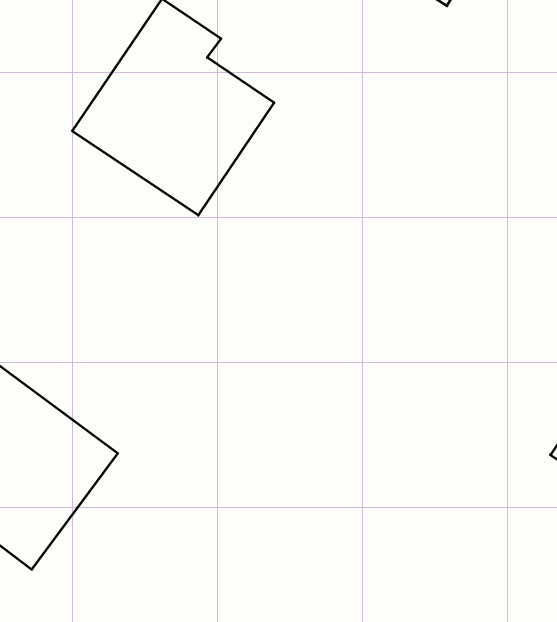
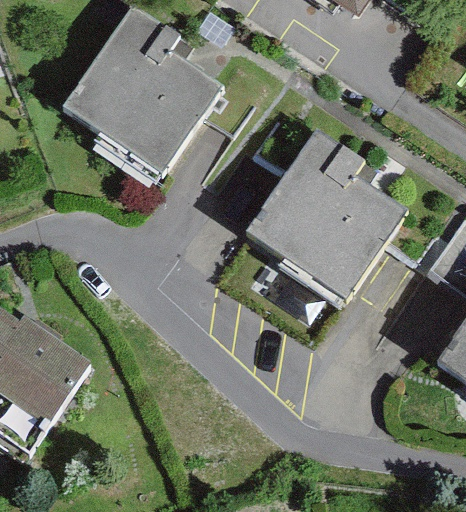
building: none -> [245,127,406,299]

